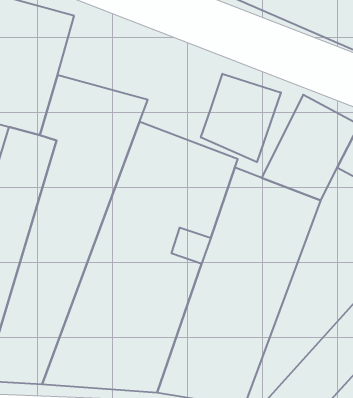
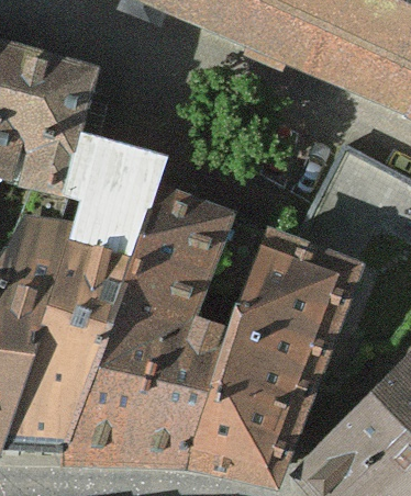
building: [201,74,281,162] -> none

